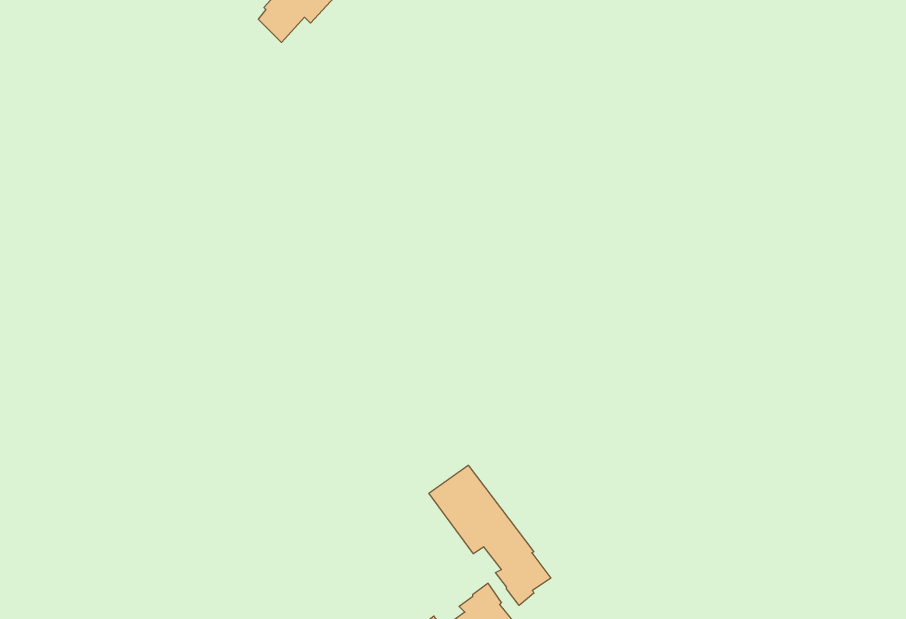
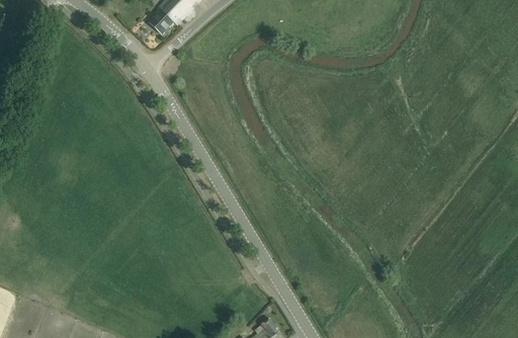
building: [429,465,551,605] -> none

